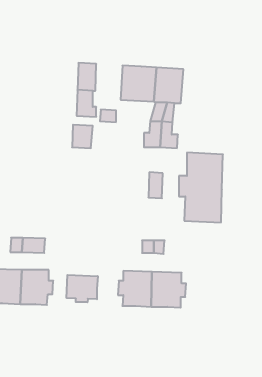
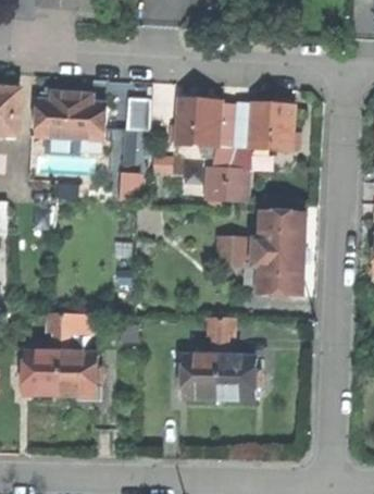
building: none -> [37,92,107,140]
building: none -> [251,98,295,149]
building: [67,275,98,302] -> none

